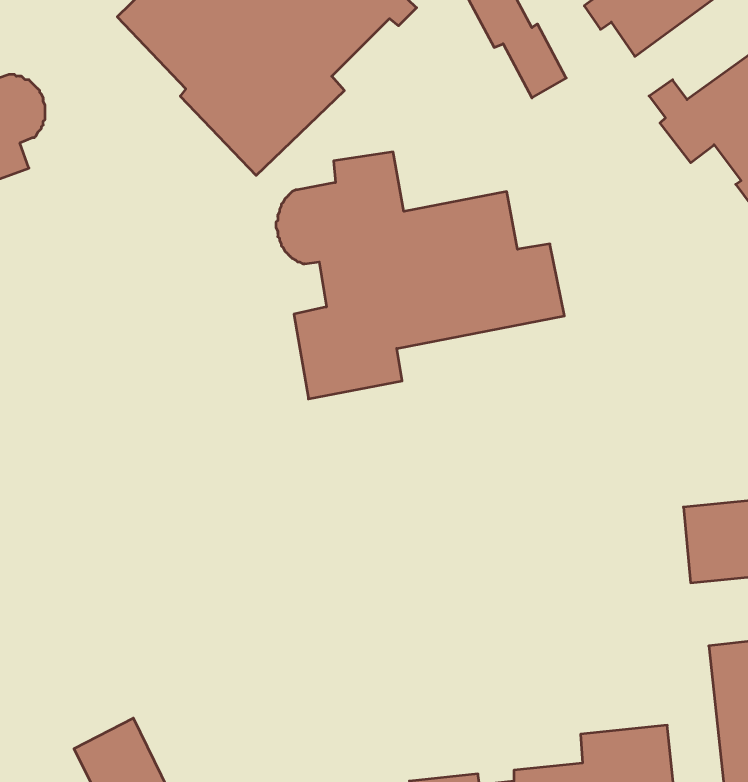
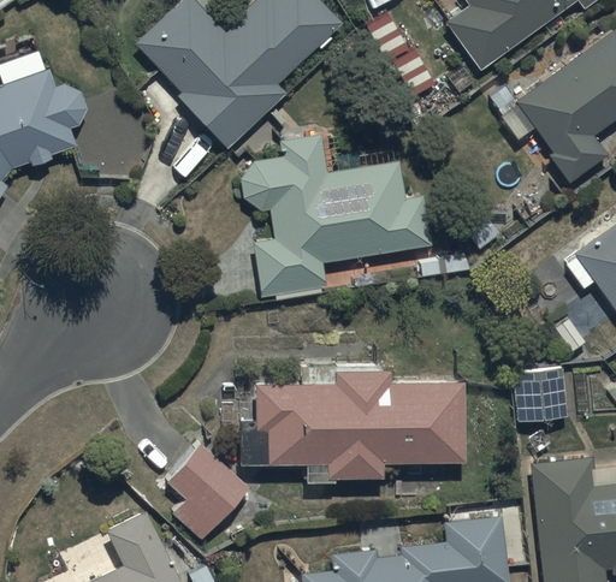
building: none -> [239,366,464,485]
building: none -> [165,444,248,540]

